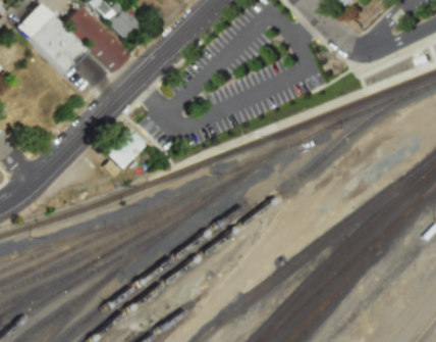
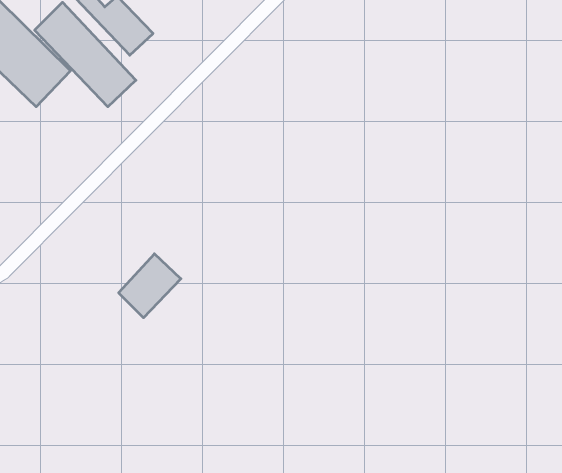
building: [107,129,148,170] -> [119,254,181,318]

